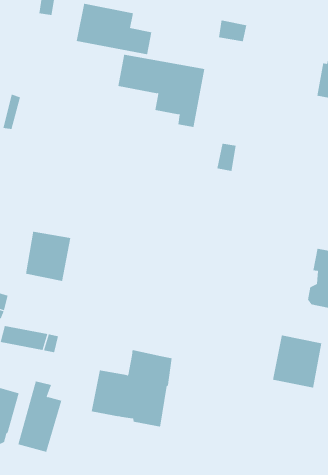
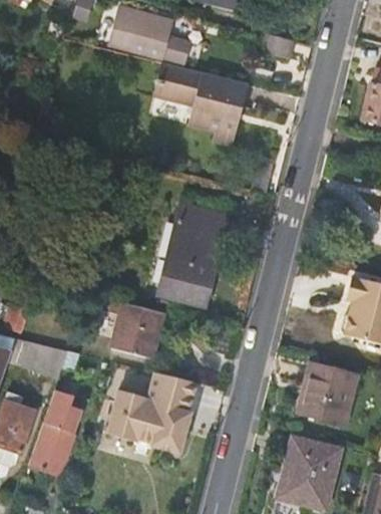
building: none -> [160,203,226,304]
building: [25,231,71,282] -> [111,303,161,357]
building: none -> [281,437,339,504]

